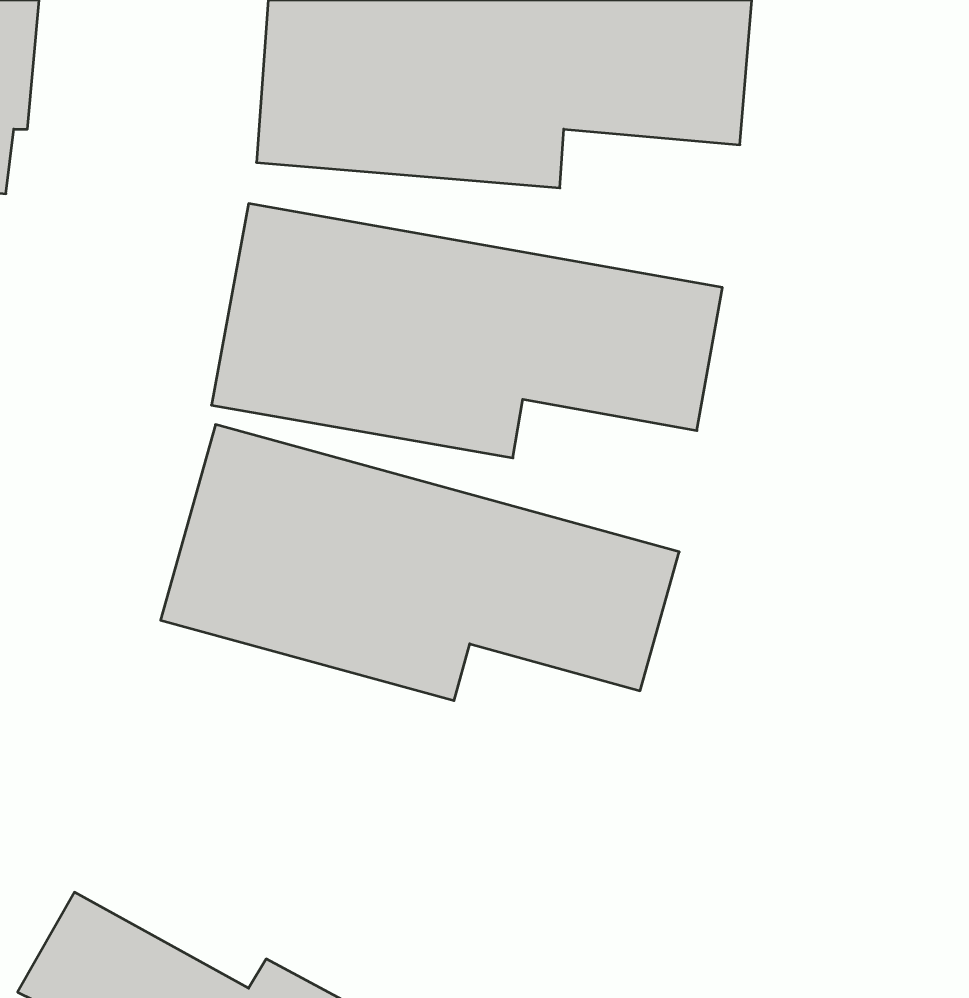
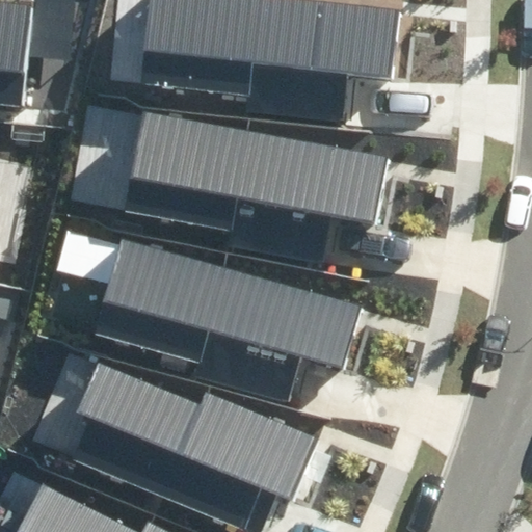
building: none -> [71,363,314,513]

